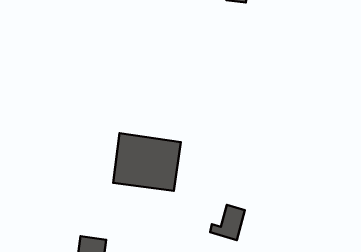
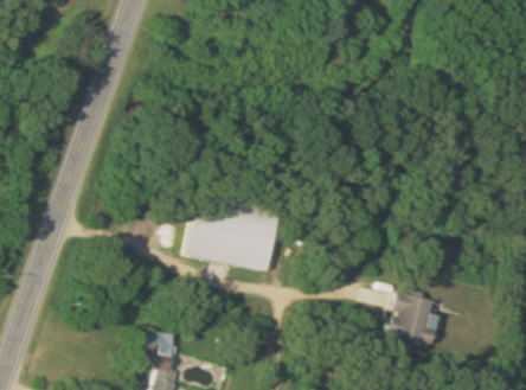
building: [210,205,245,240] -> [392,295,438,343]

